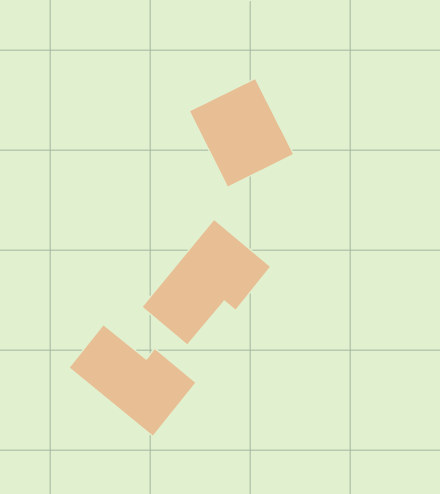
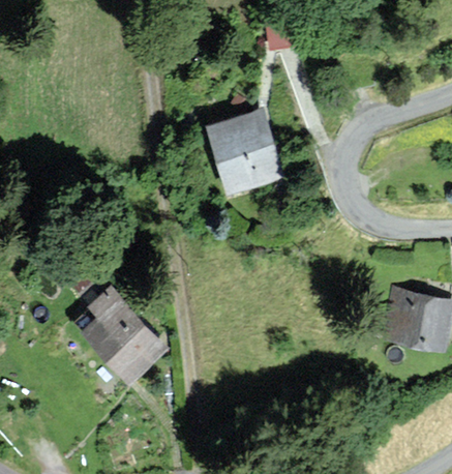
building: [142,219,271,345] -> none

